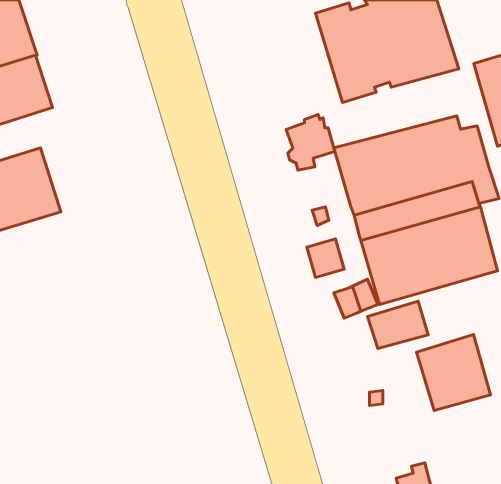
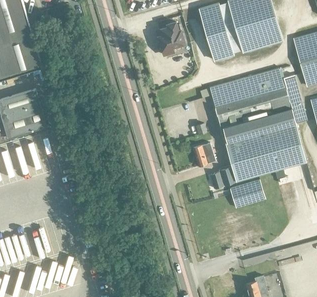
building: [286,114,335,170] -> [156,21,185,54]
building: [416,335,490,411] -> none

